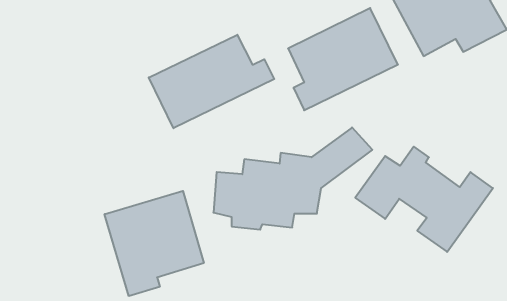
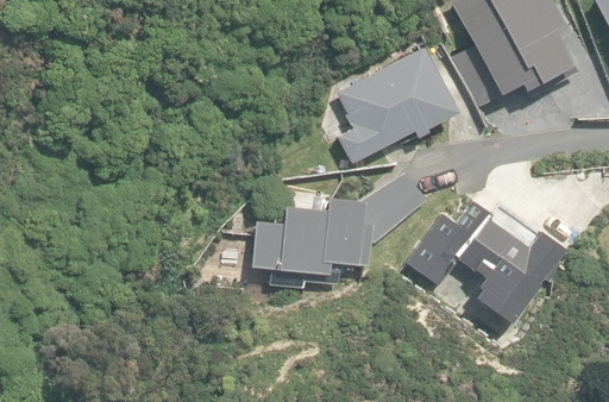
building: [149,35,274,128] -> none
building: [105,191,204,296] -> none

